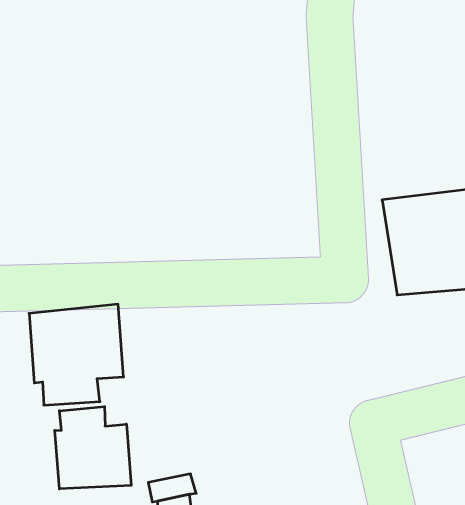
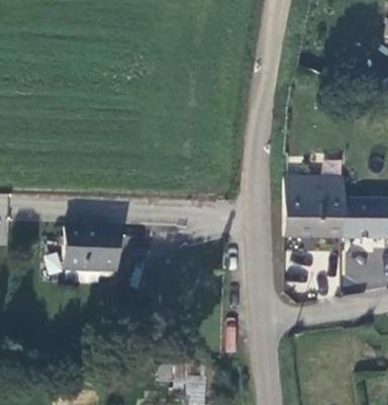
building: [55,407,131,489] -> none

